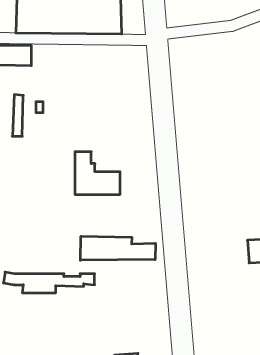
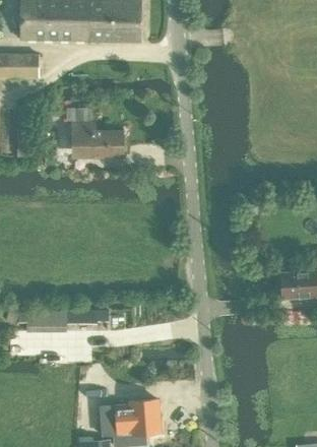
building: [75,152,120,194] -> [72,110,123,157]
building: [80,236,155,260] -> none

